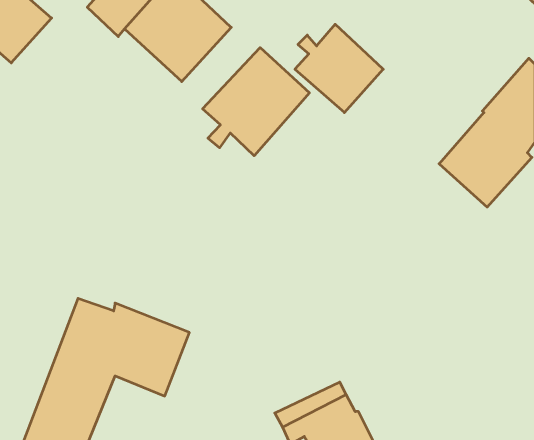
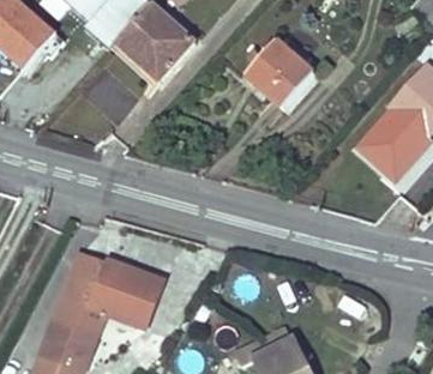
building: [203,48,309,156] -> none

